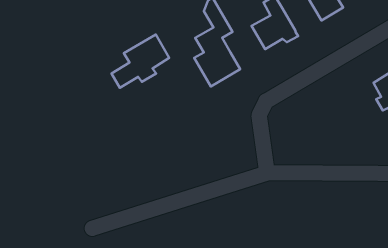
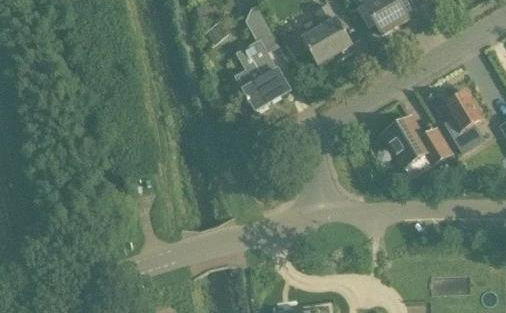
building: [111,35,169,88] -> none
building: none -> [381,115,453,169]

